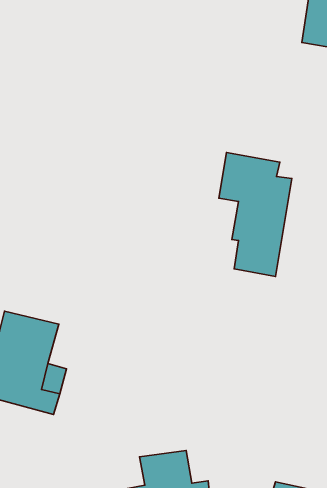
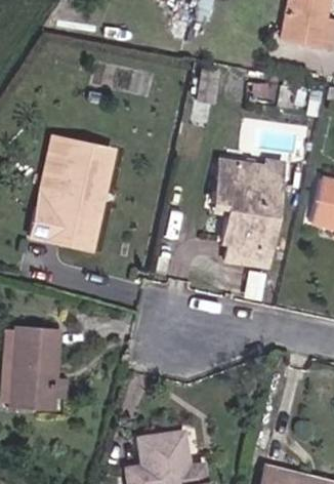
building: none -> [19,147,109,246]

